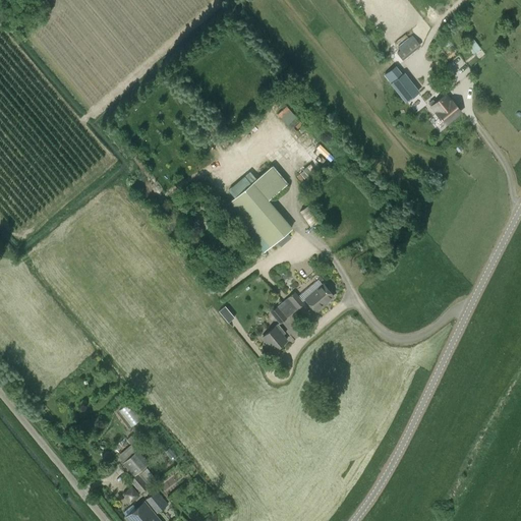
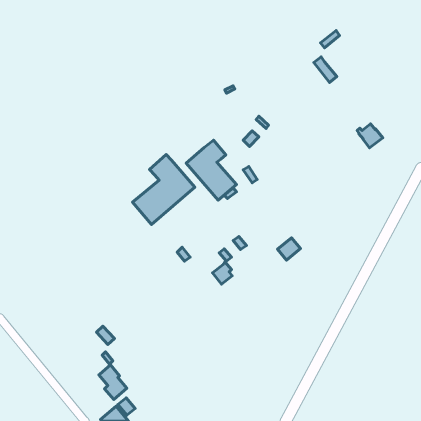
building: [429,95,461,124] -> [357,124,383,148]
building: none -> [133,154,195,224]
building: [305,284,334,311] -> [278,238,301,260]

